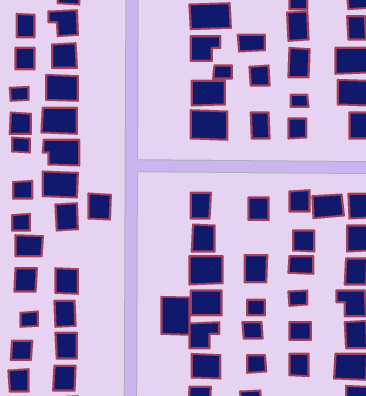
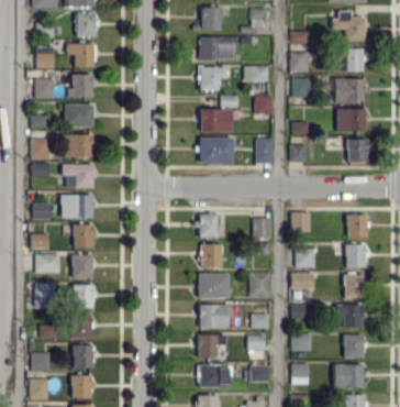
building: [89,194,111,220] -> [71,254,92,278]
building: [312,195,344,218] -> none
building: [161,297,189,335] -> none

